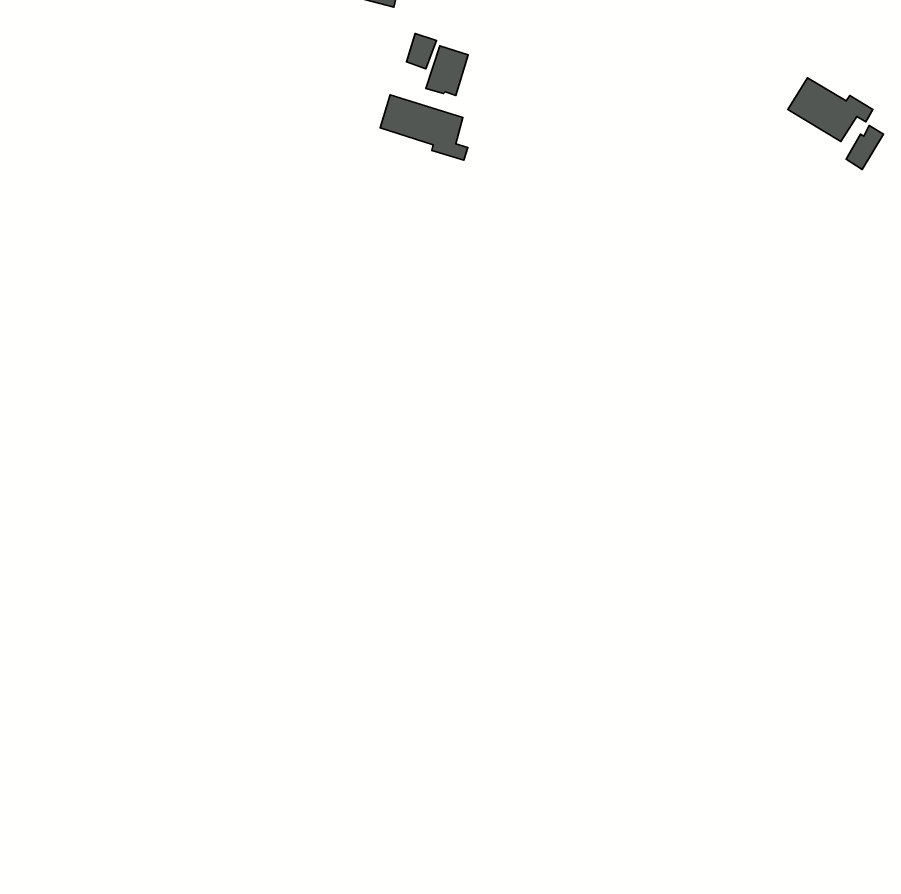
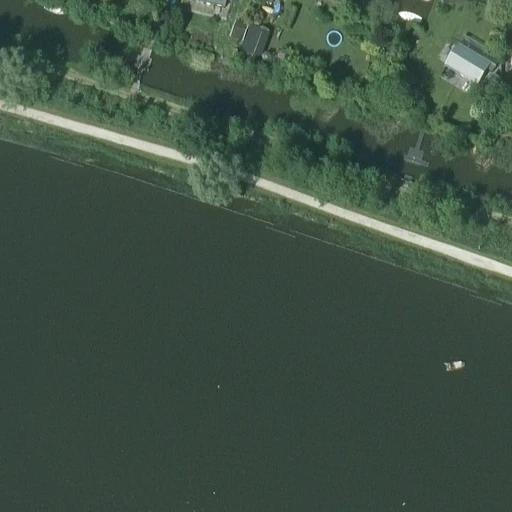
building: [380,95,468,160] -> none

